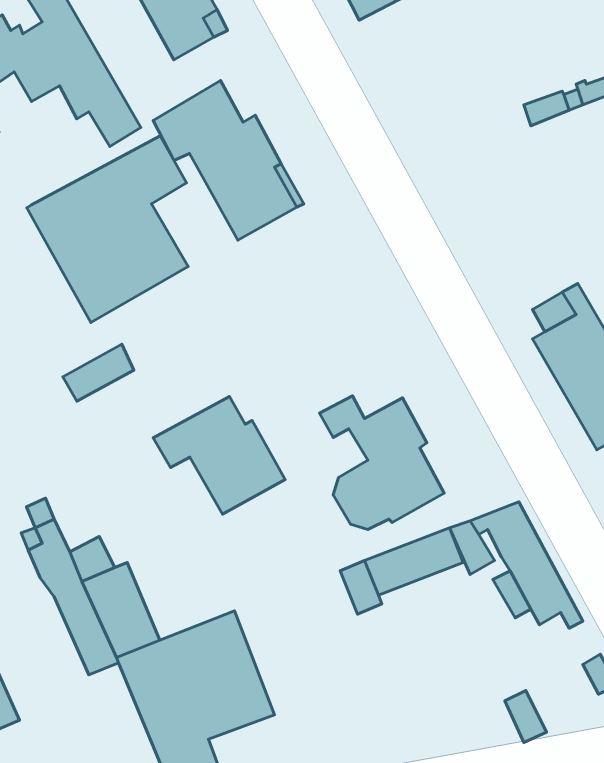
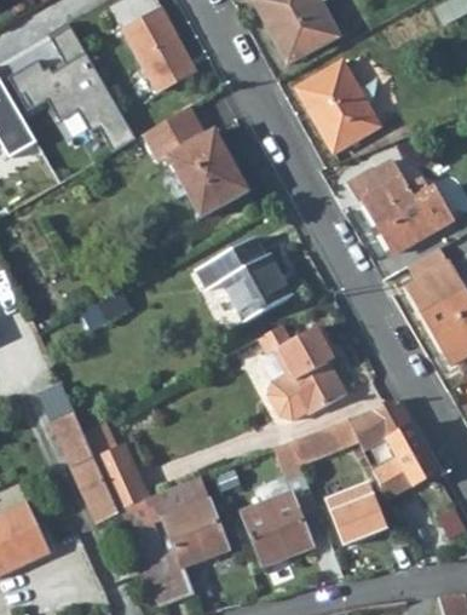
building: none -> [296,61,380,153]
building: [27,136,188,322] -> none
building: none -> [348,160,451,253]
building: [153,396,285,514] -> [201,237,293,320]
building: none -> [327,483,386,544]
building: none -> [242,493,312,565]

